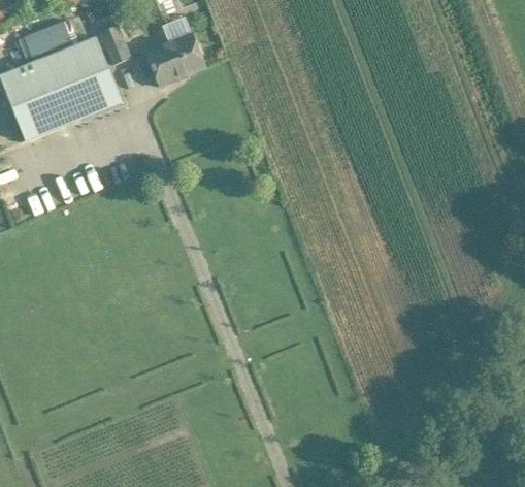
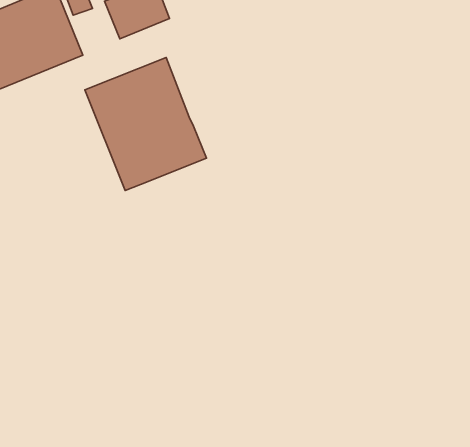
building: none -> [85,57,206,191]

